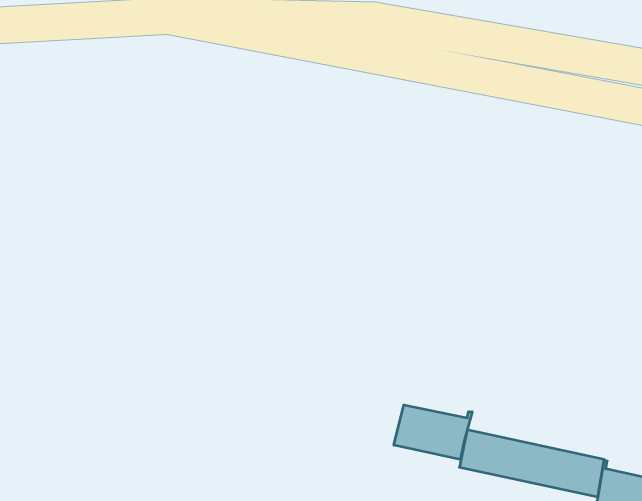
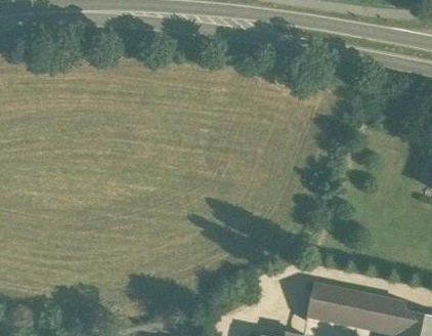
building: [394,405,472,459] -> none

